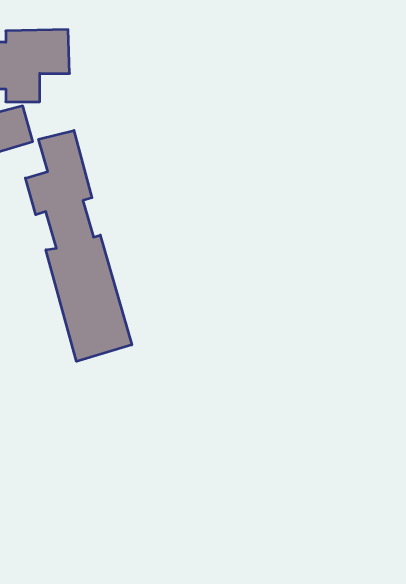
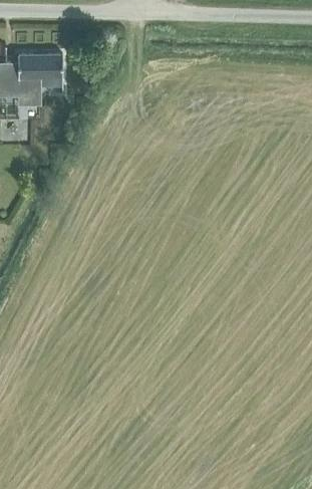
building: [25,130,132,361] -> none

